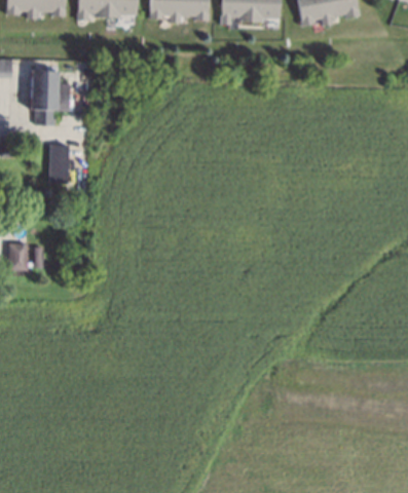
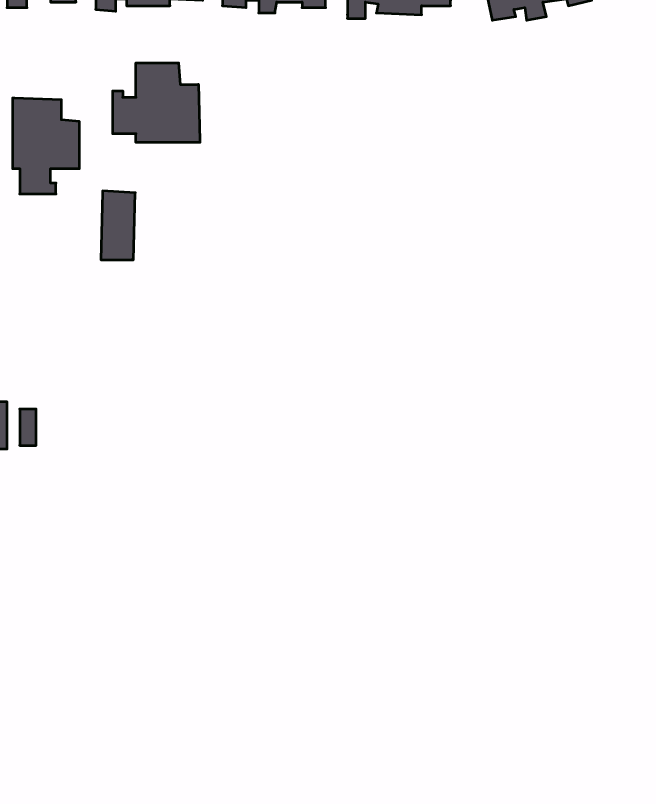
building: none -> [113,63,200,142]
building: [49,144,69,183] -> [101,191,135,260]

